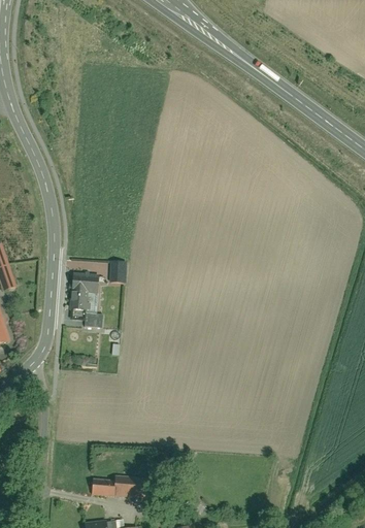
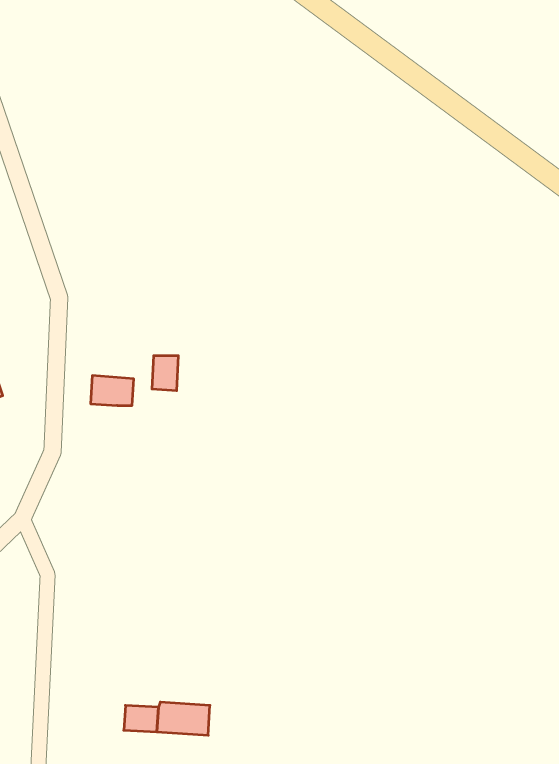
building: [69,290,88,319] -> none

